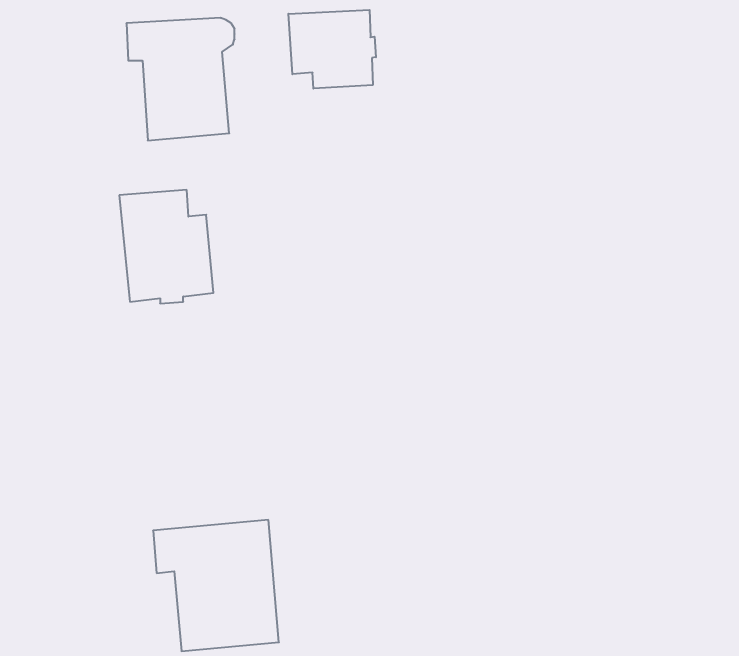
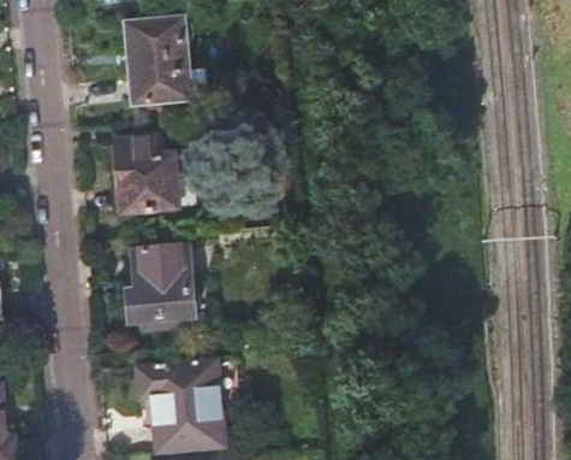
building: [288,10,376,89] -> none
building: none -> [130,247,191,320]

